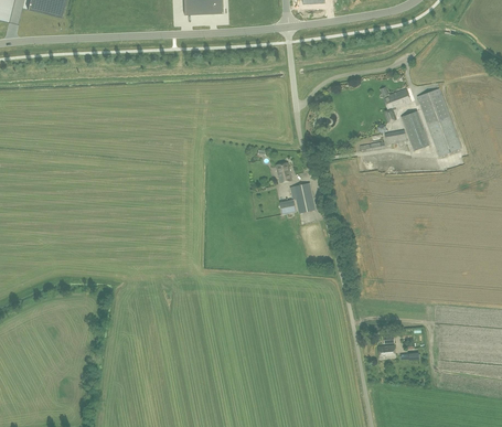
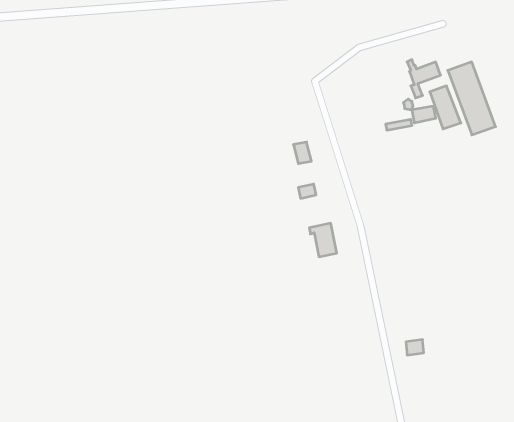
building: [289,181,314,212] -> [309,223,337,257]

